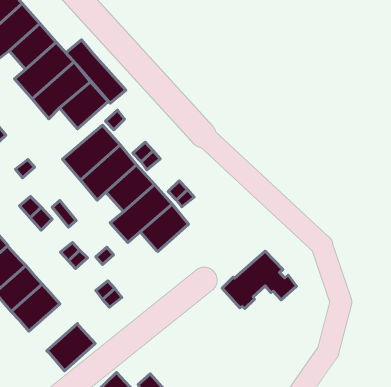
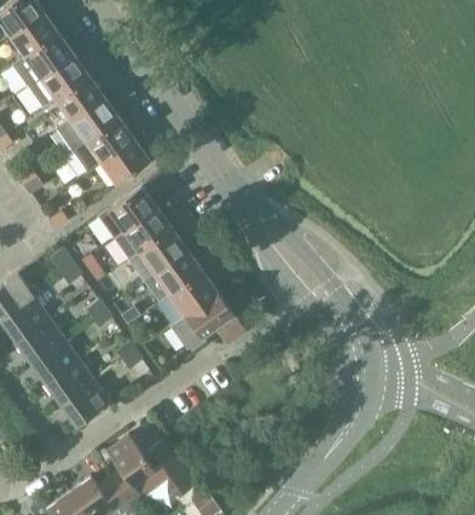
building: [66,40,126,103] -> none
building: [222,251,297,308] -> [169,294,244,349]
building: none -> [45,360,94,406]

